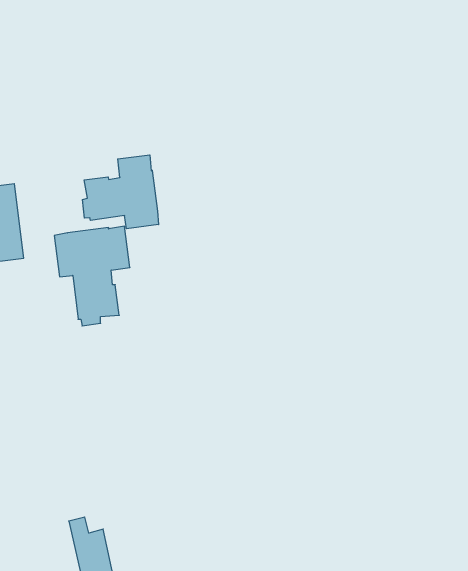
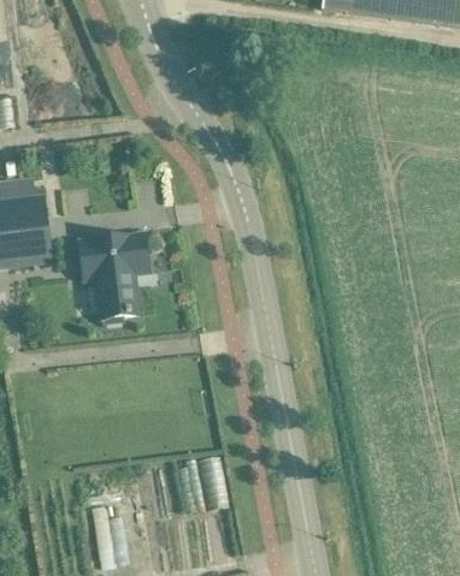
building: [82,155,159,229] -> none

